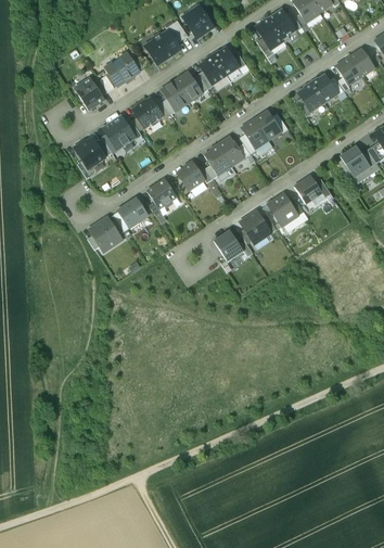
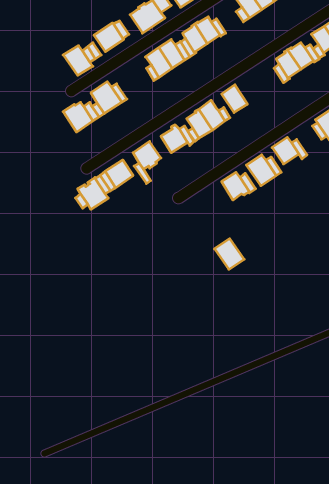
building: [131,98,162,128] -> none
building: [254,110,282,140] -> none
building: [212,229,243,262] -> [214,239,244,269]

